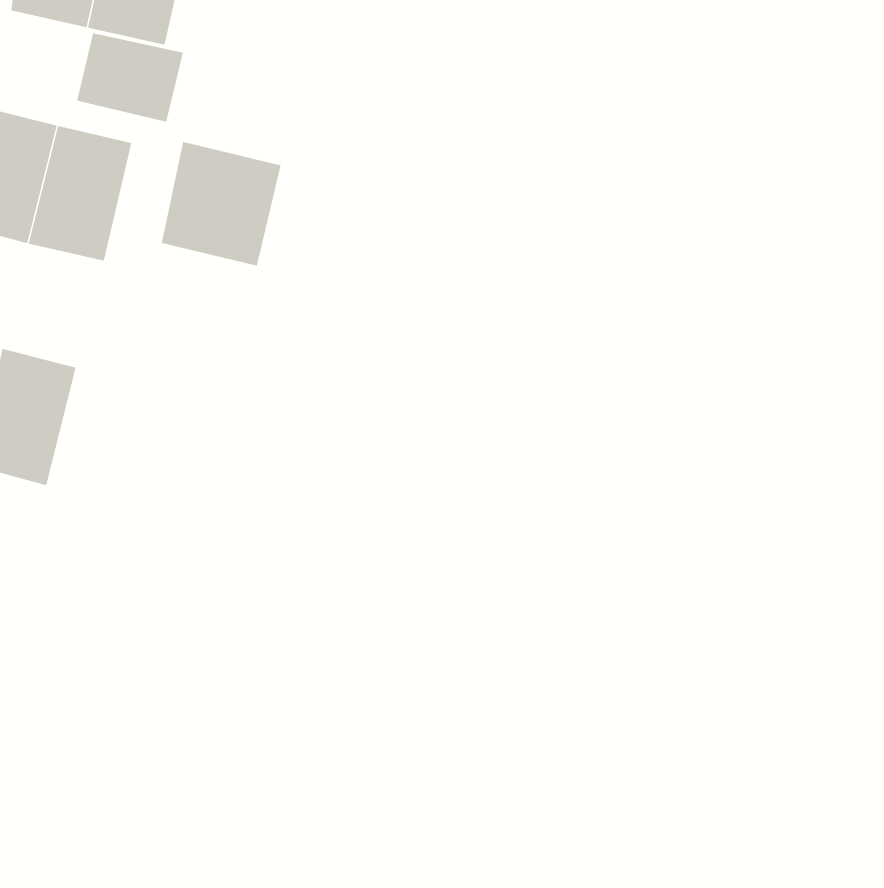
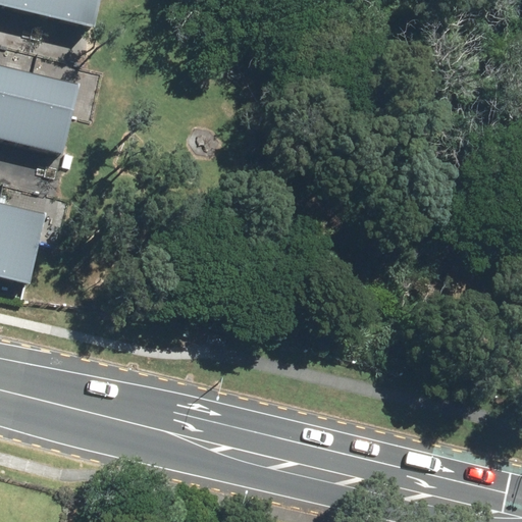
building: [76,32,183,122] -> none
building: [161,141,281,266] -> none

